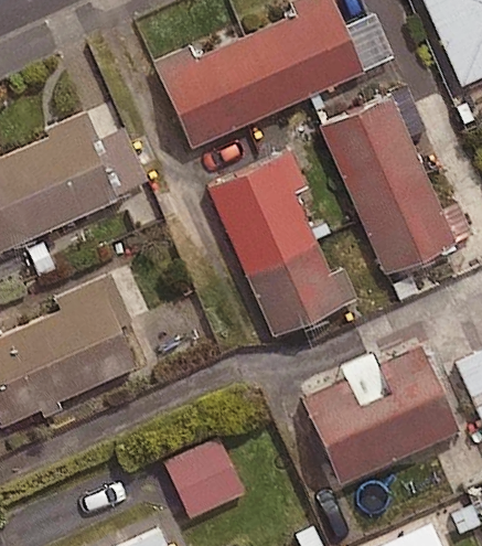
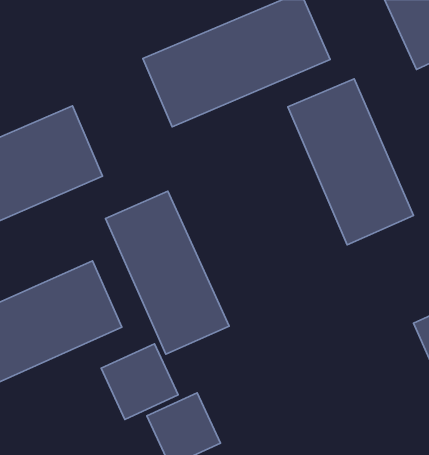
building: [208,158,344,336] -> [105,191,229,354]
building: [303,346,459,482] -> none
building: none -> [101,344,178,419]

